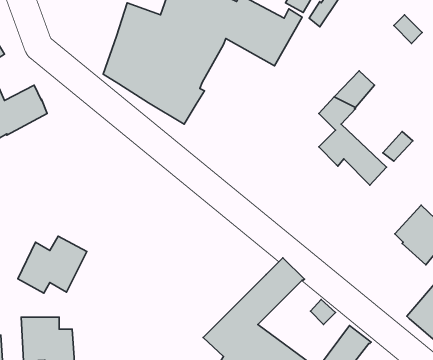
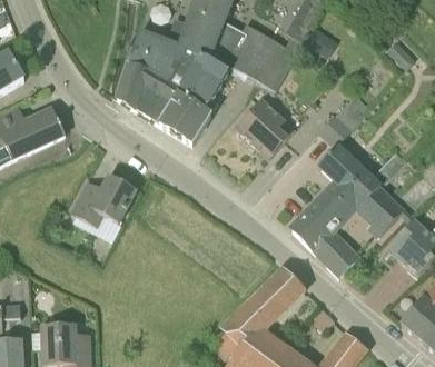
building: none -> [235,98,294,157]
building: none -> [290,175,405,275]
building: [18,236,87,293] -> [70,173,135,227]

